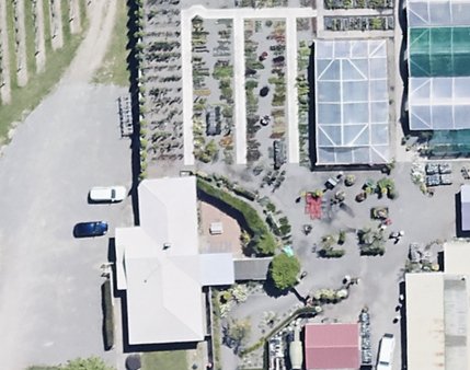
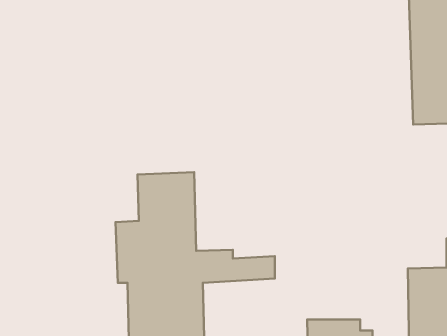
building: [314,39,390,165] -> none

